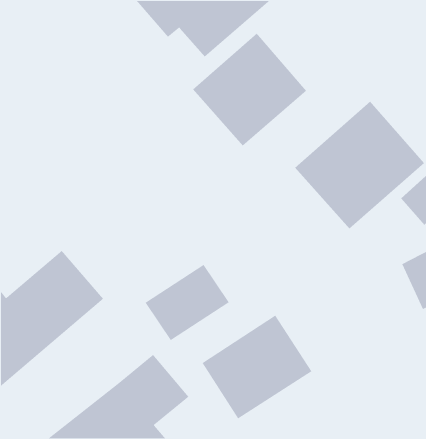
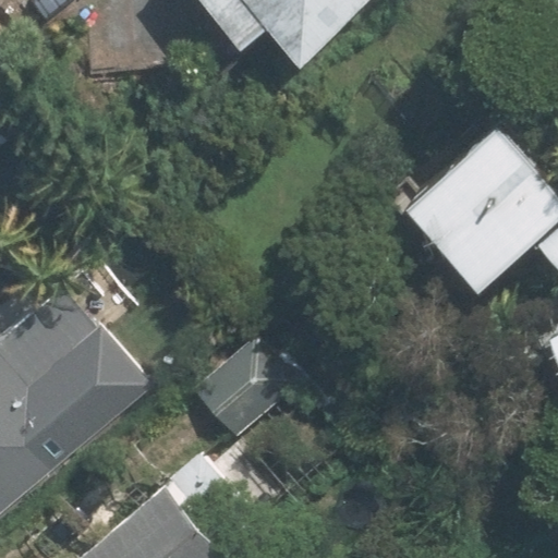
building: [192,33,307,146] -> none
building: [202,315,313,419] -> none

